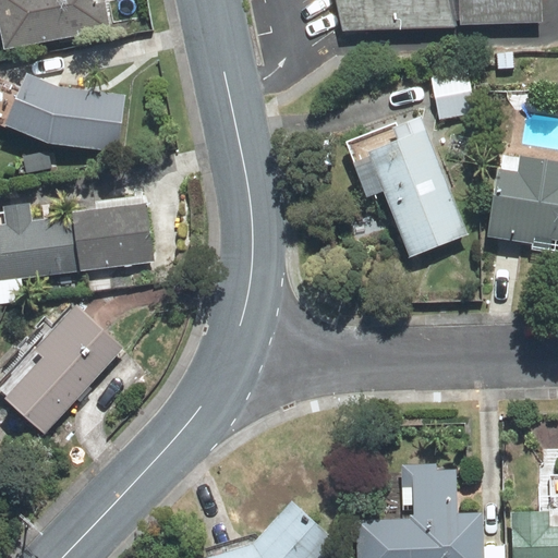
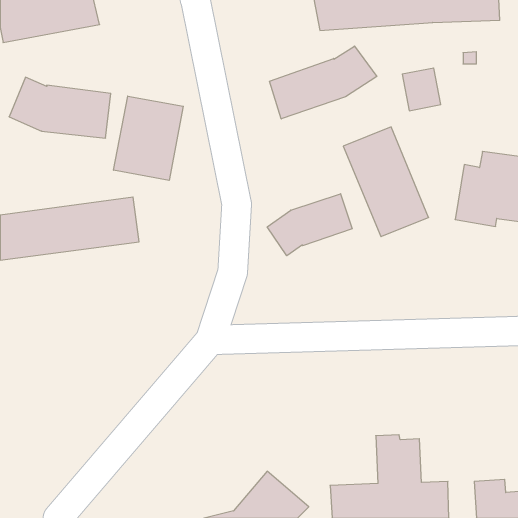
building: none -> [269,46,377,119]
building: none -> [114,96,183,180]
building: none -> [267,194,352,256]
building: [11,315,117,430] -> none

